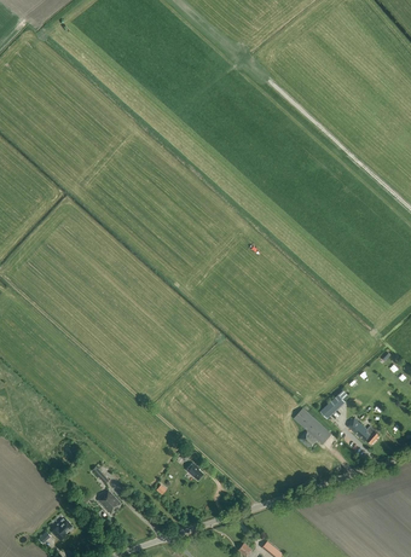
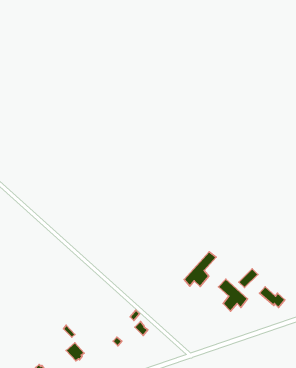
building: none -> [184,252,216,287]

